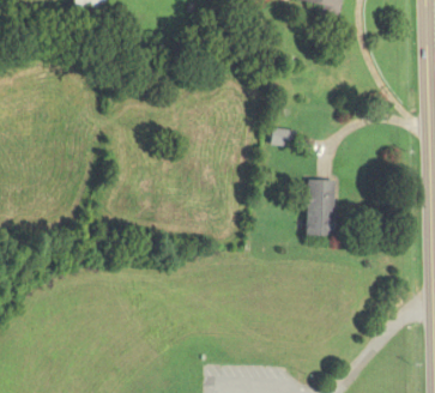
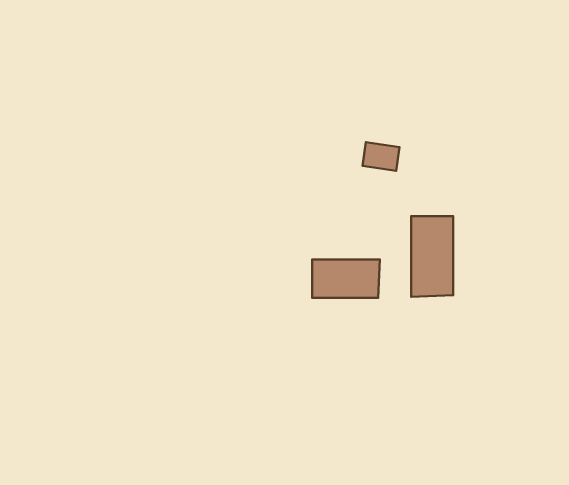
building: none -> [312,259,380,298]

